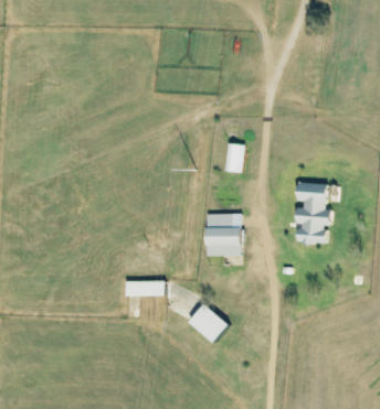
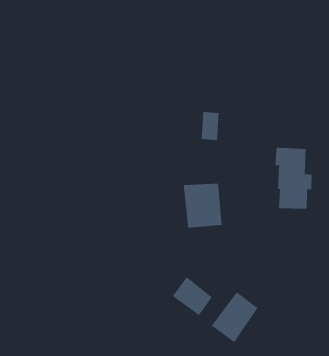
building: [125,280,165,295] -> none
building: none -> [211,291,258,343]

